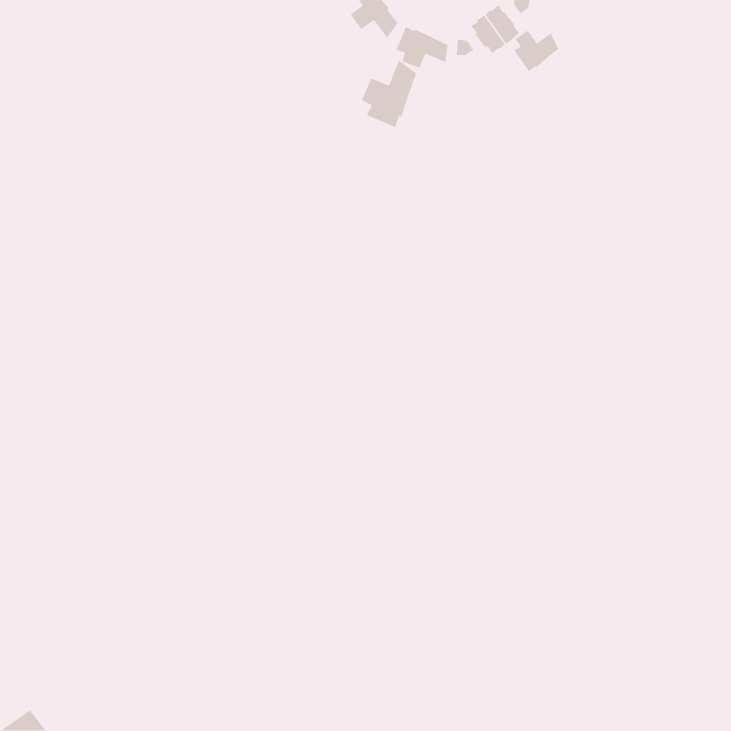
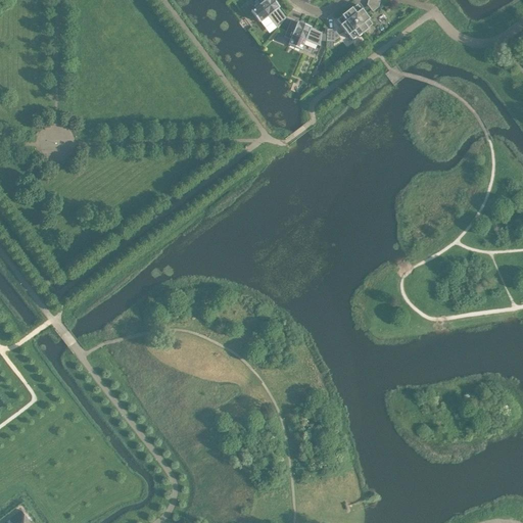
building: [513,30,559,72] -> none
building: [361,59,417,128] -> none

